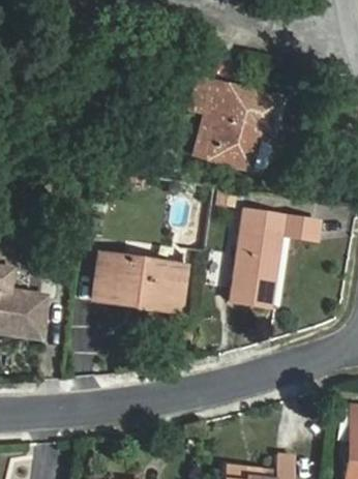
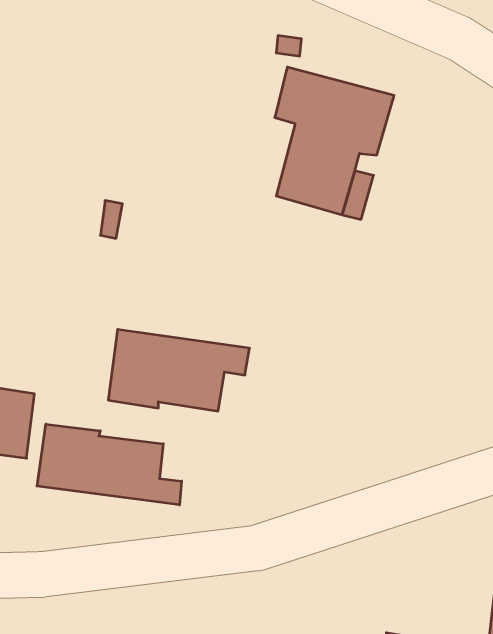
building: [230,209,320,308] -> none
building: none -> [37,424,182,505]

